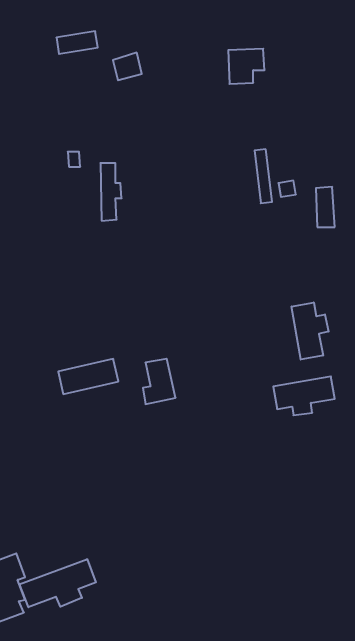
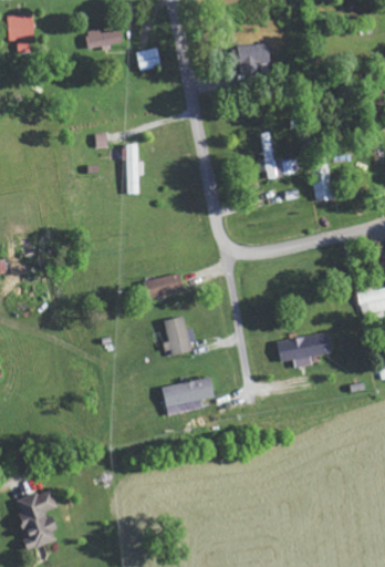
building: [292,302,329,360] -> none
building: none -> [149,272,185,298]
building: [58,359,118,394] -> [163,377,216,408]
building: [20,559,96,607] -> none

